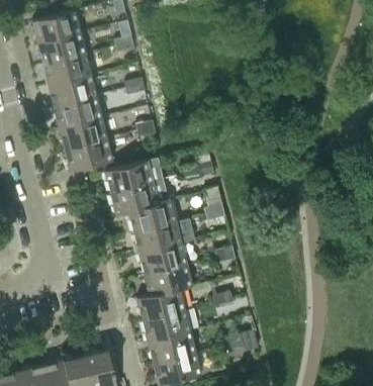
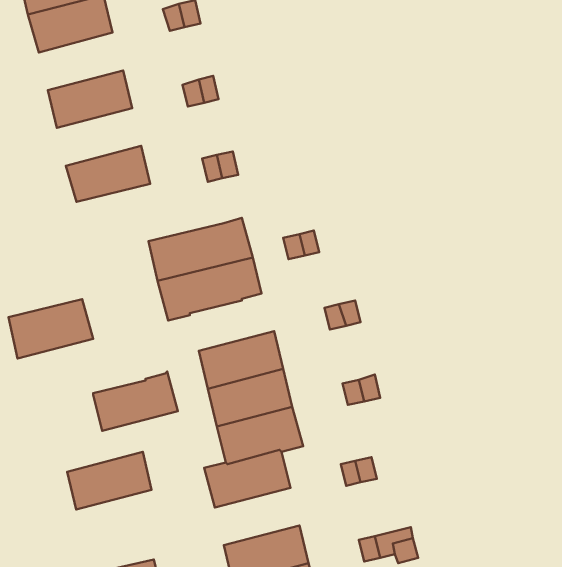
building: [43,53,91,85] -> none
building: [54,95,101,127] -> none
building: [65,137,112,171] -> [9,299,93,358]
building: [128,198,176,231] -> [93,372,178,431]
building: [143,308,190,341] -> [67,452,152,510]

